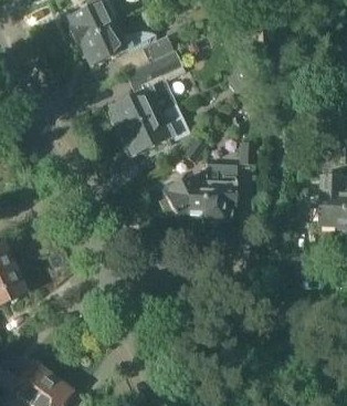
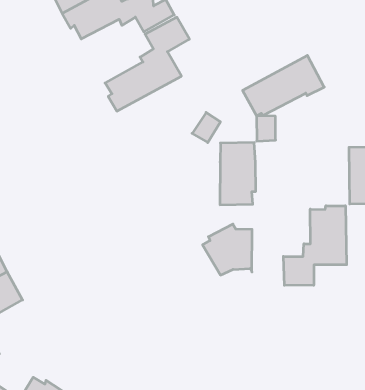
building: [118,102,190,153] -> [243,55,324,116]
building: [162,174,207,218] -> [203,224,252,275]
building: none -> [283,206,347,285]

